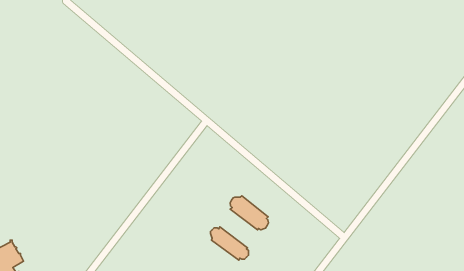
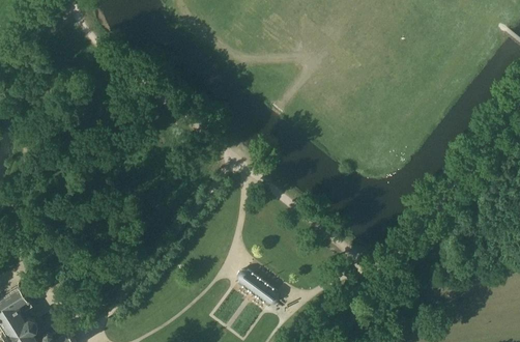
building: [230,196,269,230] -> none

